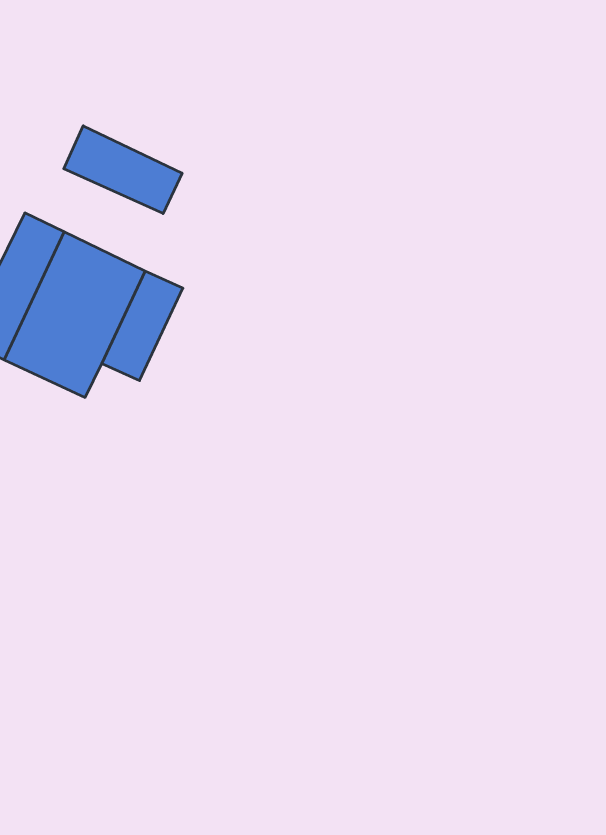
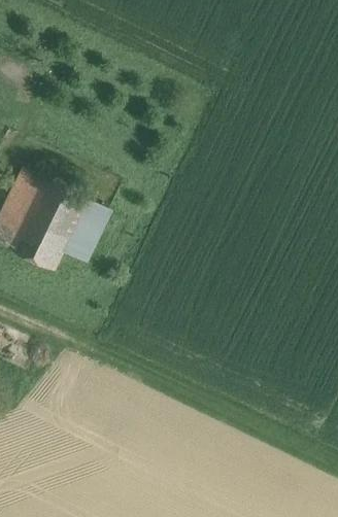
building: [64,126,182,214] -> none

